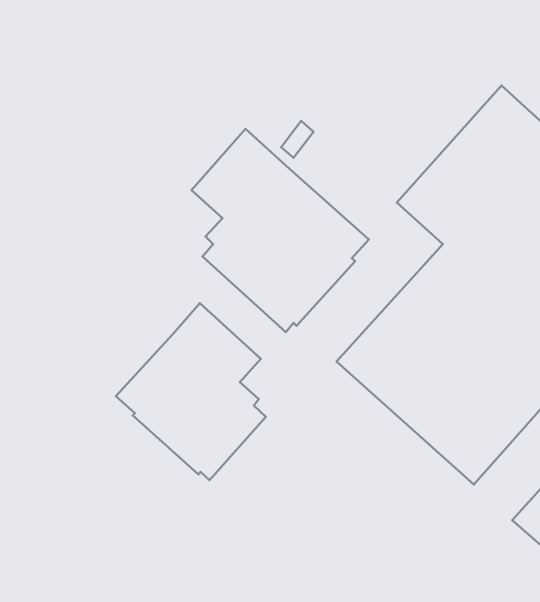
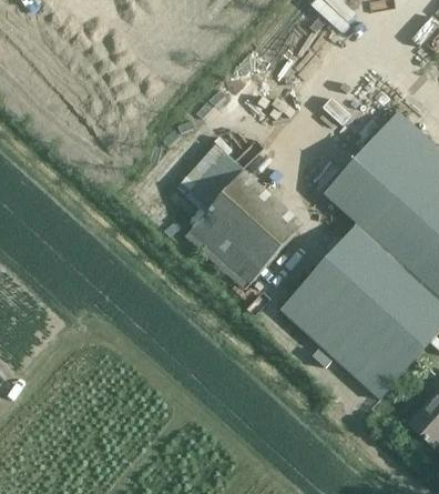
building: [116,303,266,480] -> none

